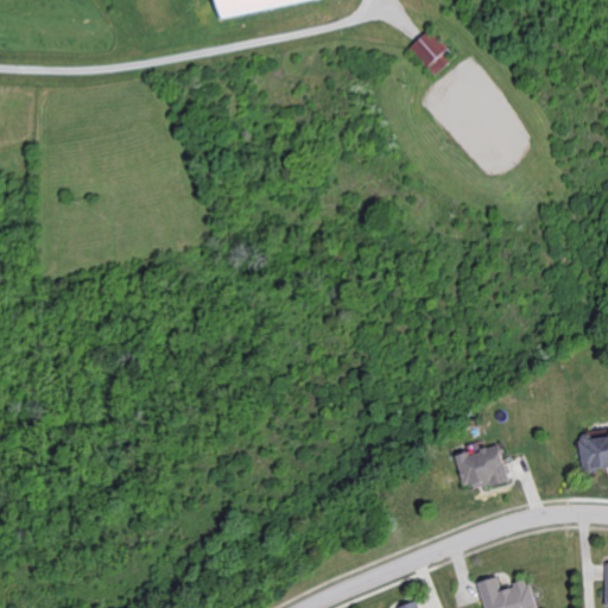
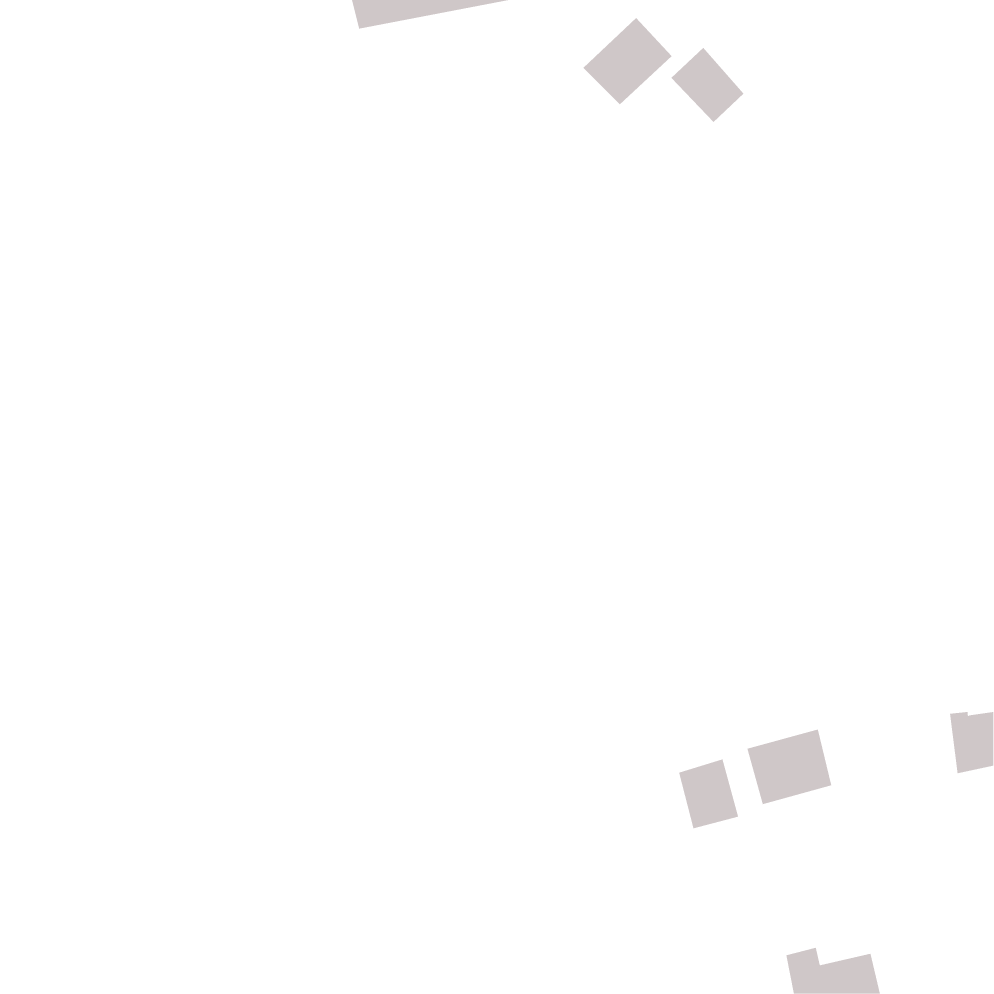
building: none -> [582,17,673,105]
building: none -> [678,759,739,829]

